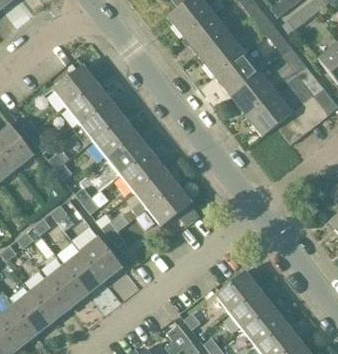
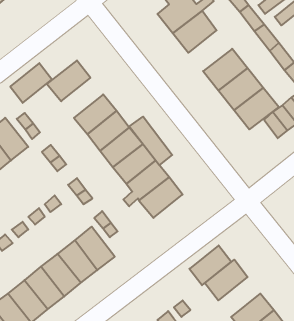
building: [198,34,243,76] -> none
building: [67,83,110,124] -> [10,63,52,103]
building: none -> [129,117,172,165]
building: [229,288,272,329] -> [189,245,231,285]

